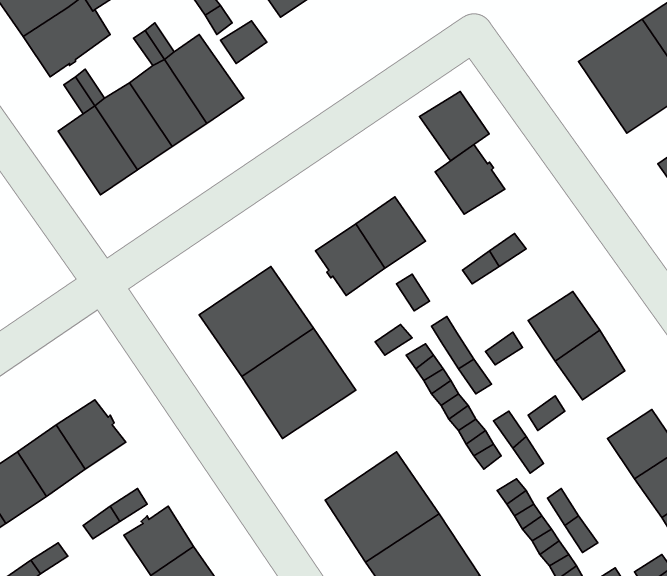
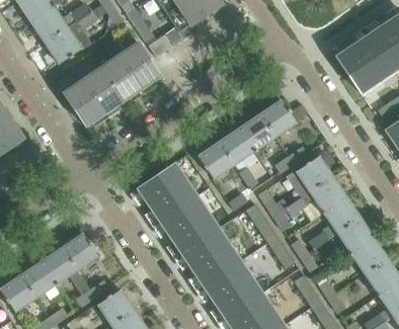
building: [420,91,489,161] -> [239,113,275,150]
building: none -> [296,156,332,191]
building: none -> [337,218,374,253]
building: none -> [180,228,240,285]

